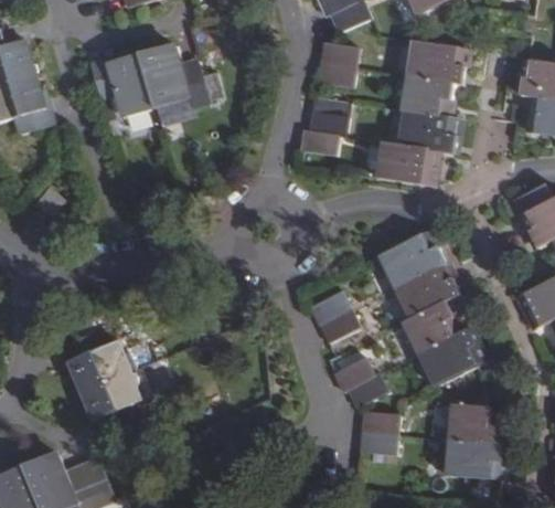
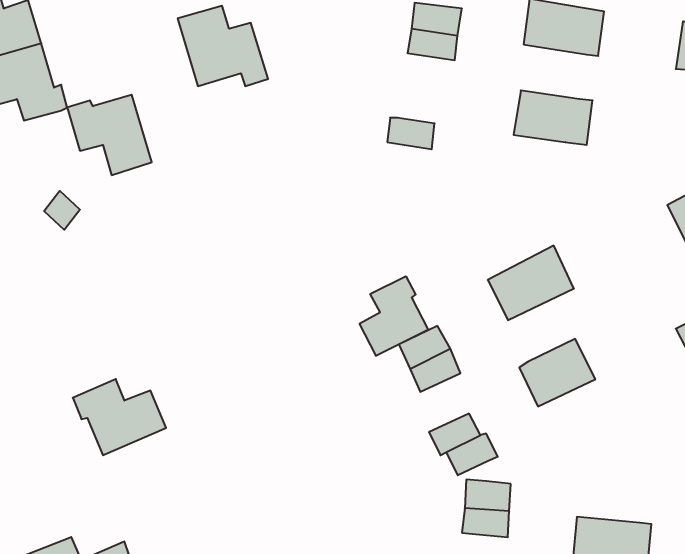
building: [90,55,156,117] -> [67,95,152,175]
building: [401,75,455,117] -> none
building: [309,97,350,137] -> none
building: [376,142,438,186] -> none
building: none -> [360,276,428,356]
building: [394,263,460,319] -> none
building: [417,329,484,385] -> none
building: [83,370,150,428] -> none
building: [447,403,499,443] -> none

